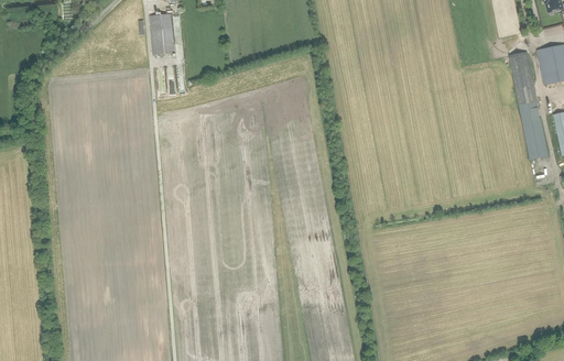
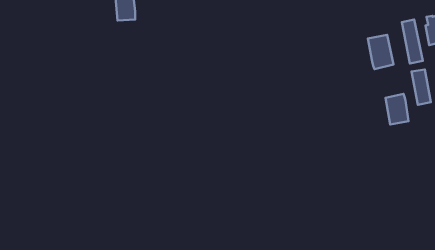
building: none -> [368,35,394,69]
building: none -> [385,94,409,125]

